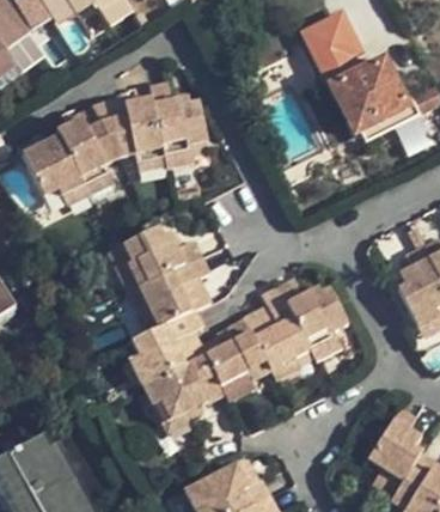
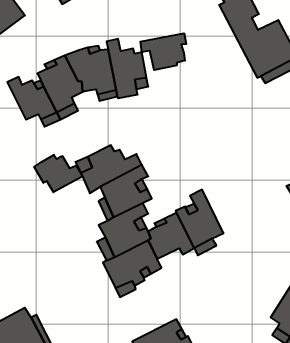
building: none -> [140,33,186,70]
building: none -> [34,155,82,192]
building: [280,278,346,356] -> none

